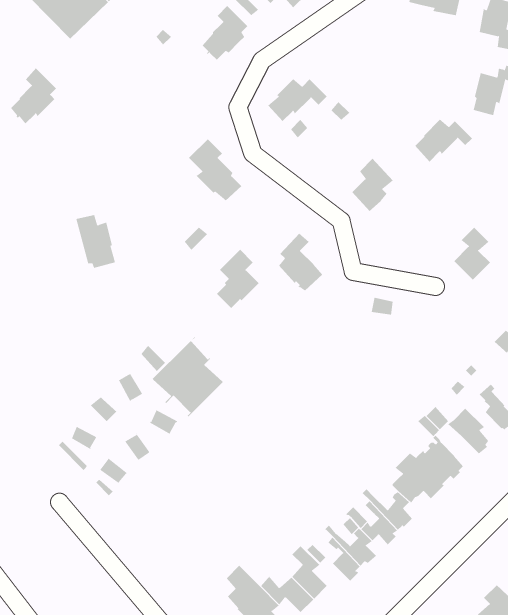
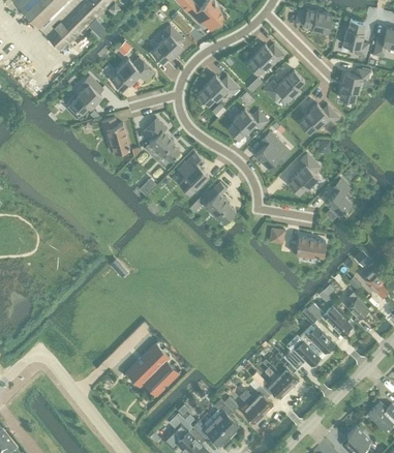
building: none -> [246,42,283,73]
building: none -> [110,56,154,89]
building: [10,68,57,124] -> [70,73,102,113]
building: none -> [262,69,303,100]
building: none -> [226,108,268,138]
building: none -> [286,152,319,193]
building: [75,214,116,268] -> [100,116,128,153]
building: [216,249,260,309] -> [178,151,208,192]
building: none -> [289,235,324,255]
building: [144,336,226,417] -> [122,339,179,395]

